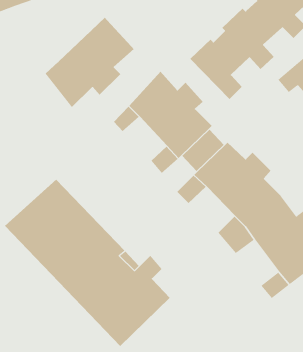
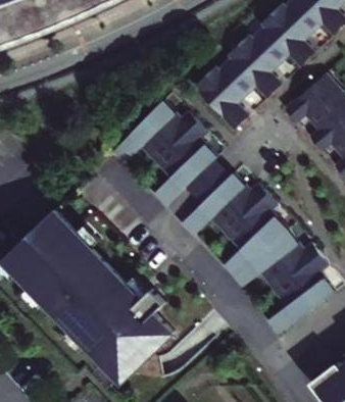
building: [45,17,134,108] -> none

